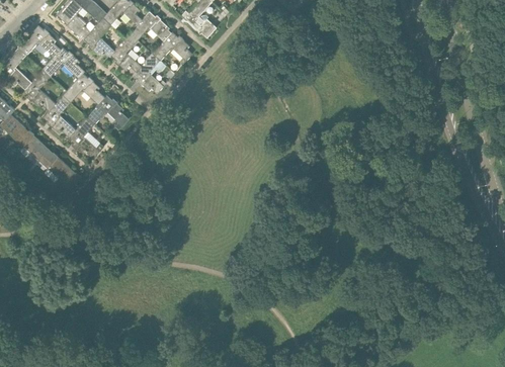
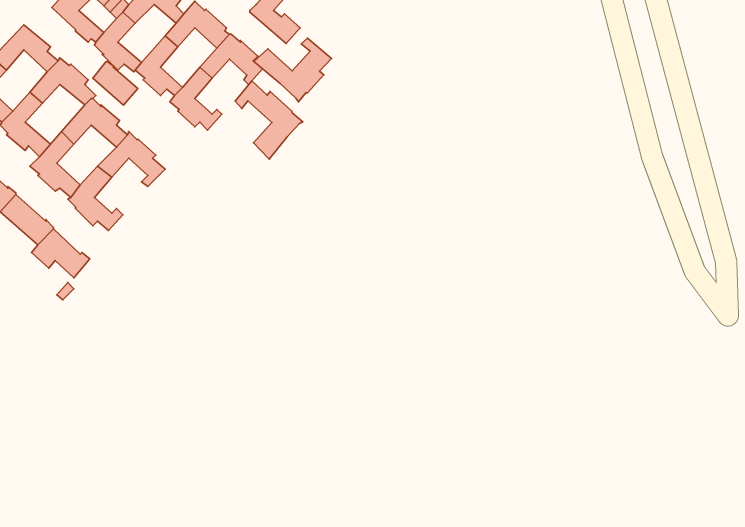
building: none -> [254,38,332,102]
building: none -> [93,61,138,105]
building: none -> [235,81,303,159]

